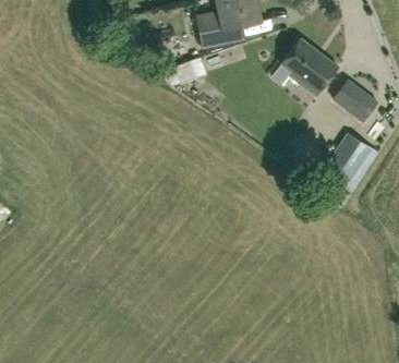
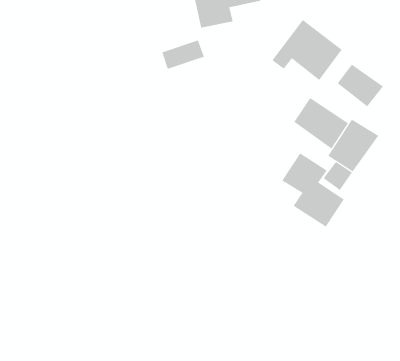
building: none -> [293,97,349,149]
building: none -> [282,153,345,227]

